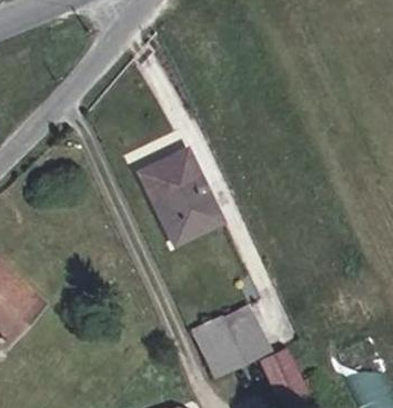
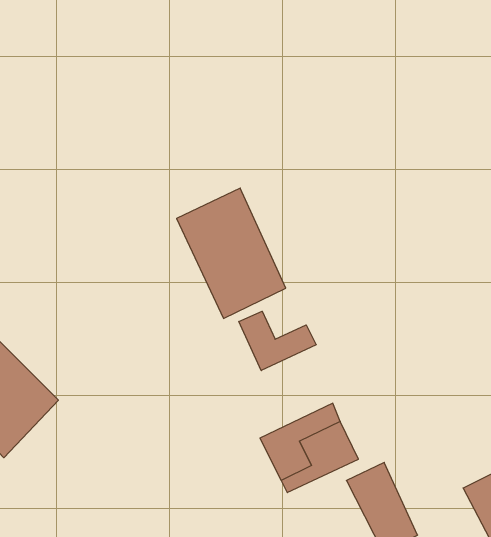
building: none -> [239,311,316,371]

